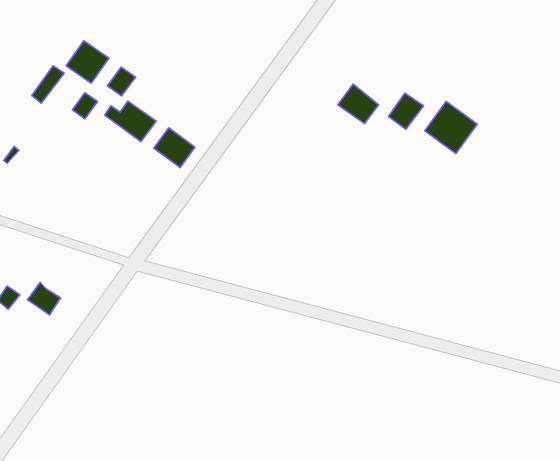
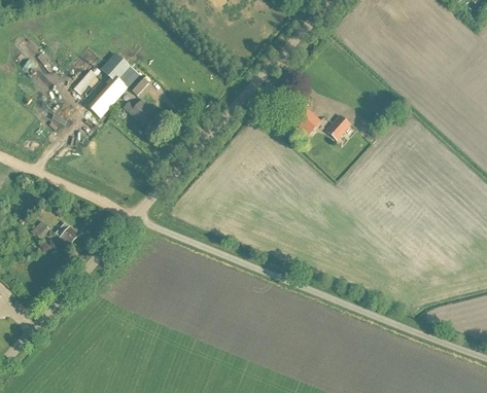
building: [425,101,477,154] -> none
building: [154,128,195,167] -> none

